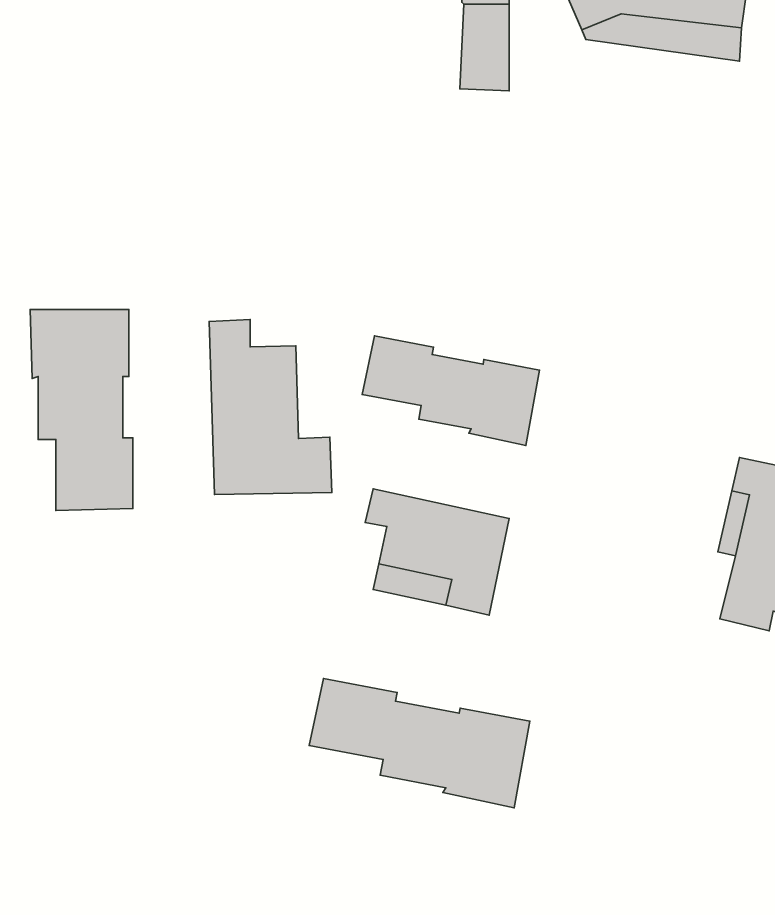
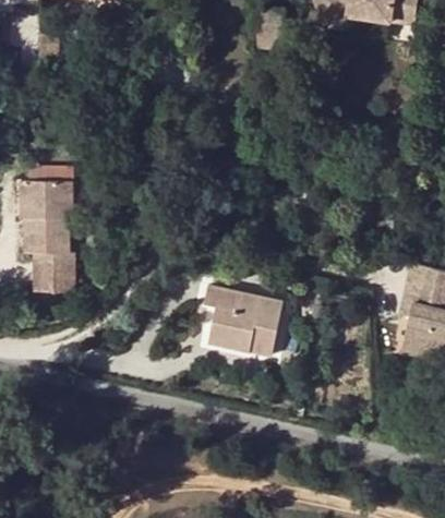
building: [209,319,332,495] -> none
building: [362,336,540,445] -> none
building: [309,678,530,808] -> none

